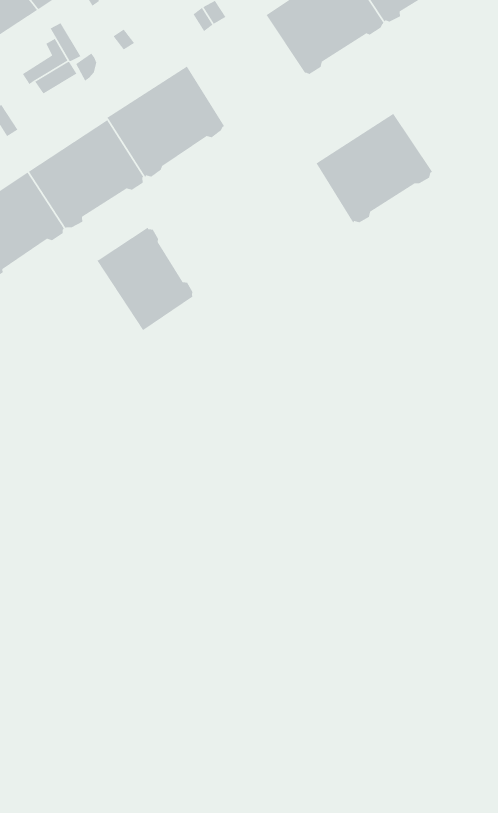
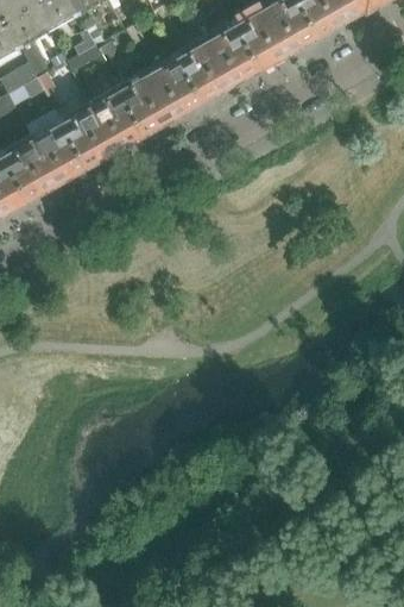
building: [315,113,433,224] -> [178,23,260,99]
building: [96,226,194,331] -> none

